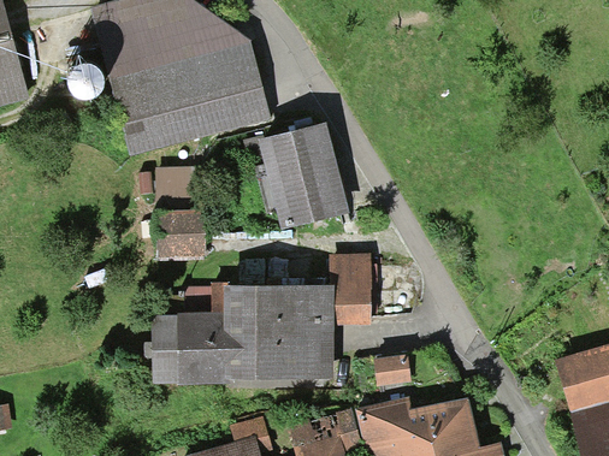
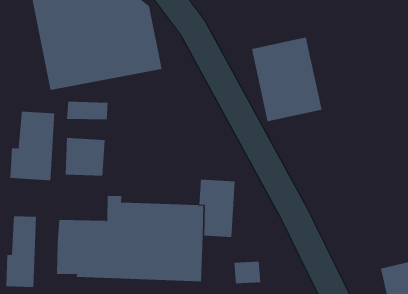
building: [256,119,350,229] -> [251,37,322,122]
building: none -> [10,111,55,181]
building: none -> [6,215,36,288]

